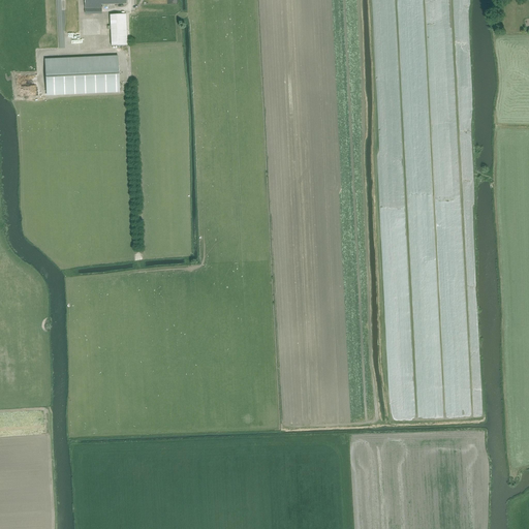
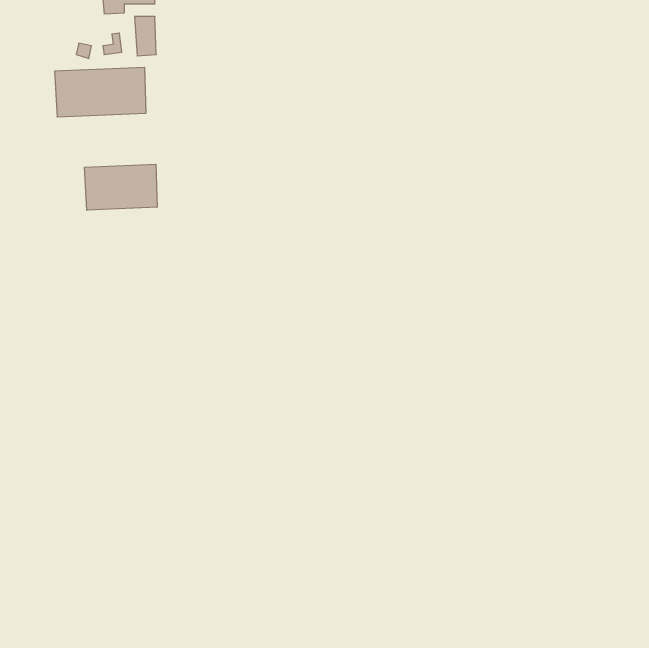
building: none -> [85,164,157,210]

